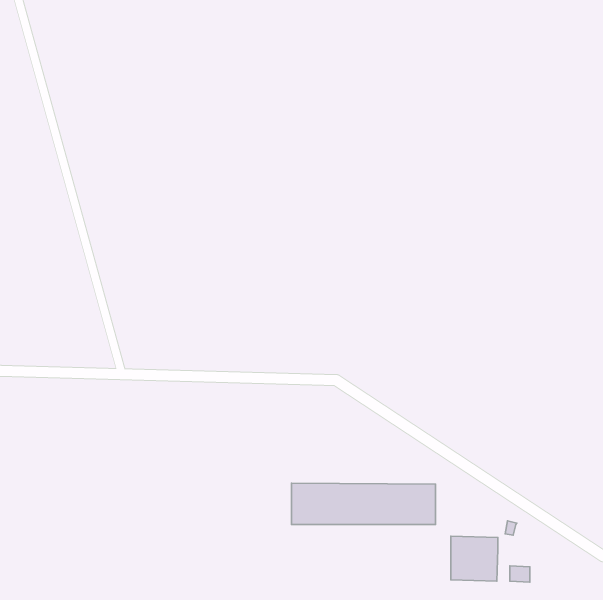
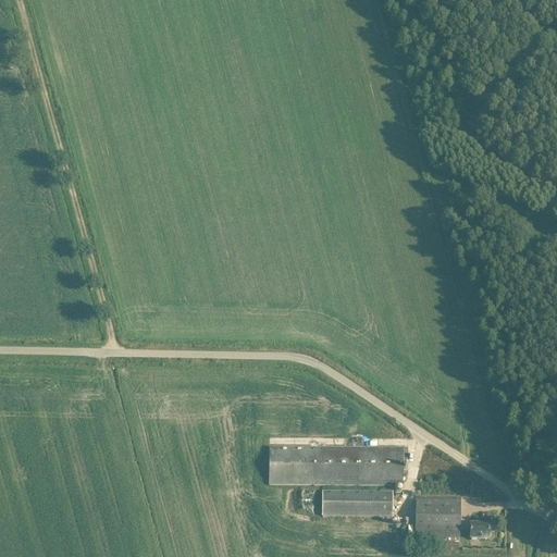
building: none -> [322,490,392,515]

